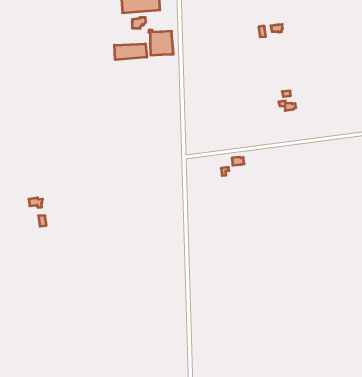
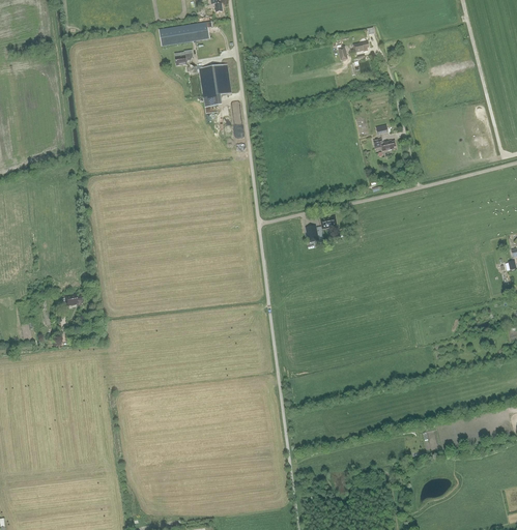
building: [114,44,147,60] -> none

